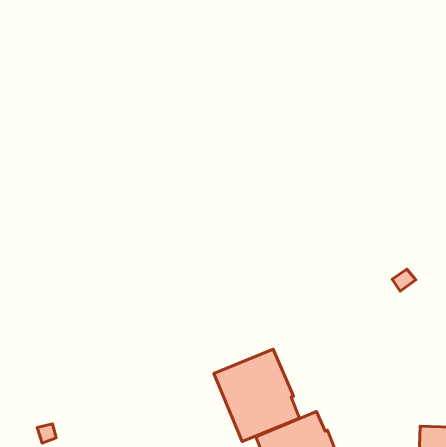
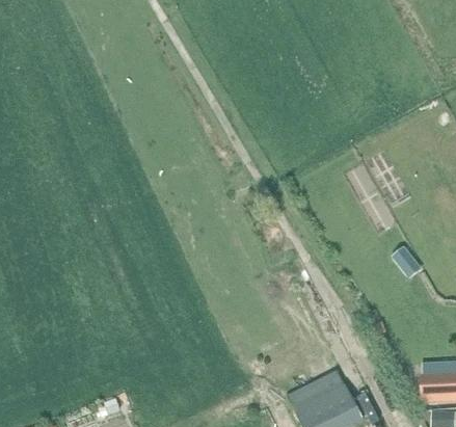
building: [214,349,299,442] -> none

